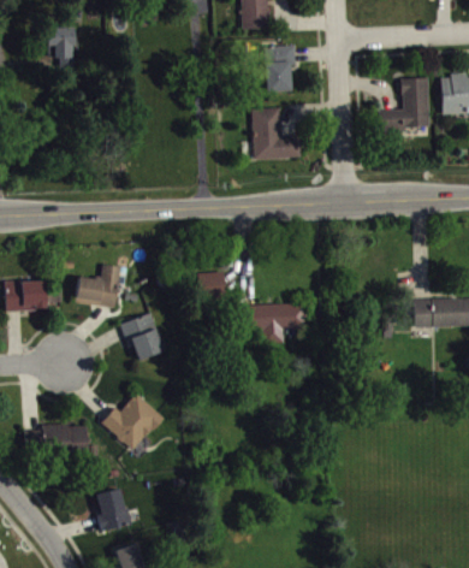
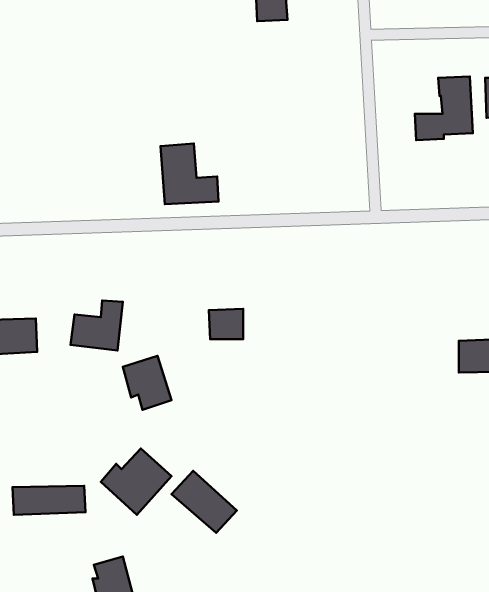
building: [44,23,73,63] -> none
building: [262,40,295,85] -> none
building: [249,101,299,154] -> [161,143,219,204]
building: [249,306,310,345] -> none
building: none -> [172,471,237,533]

